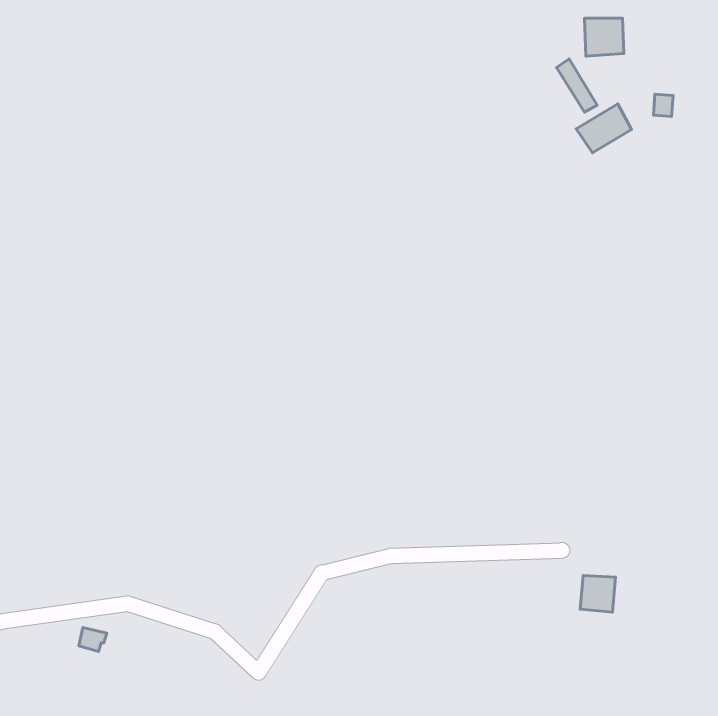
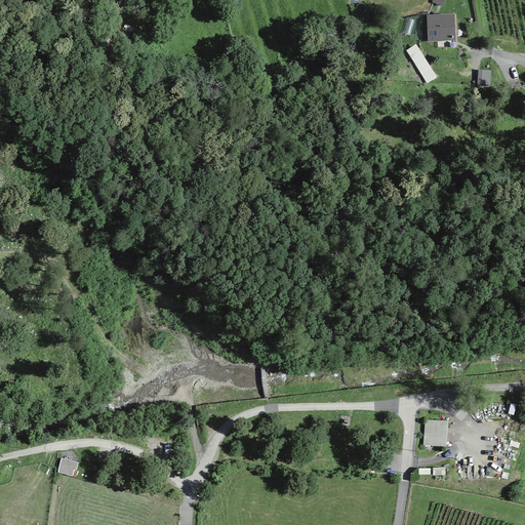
building: [576,104,631,153] -> none

